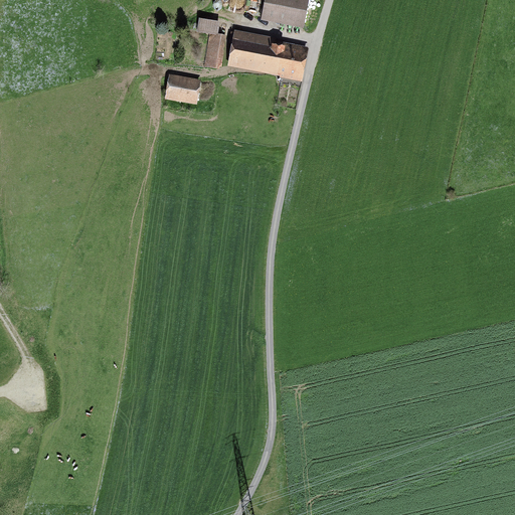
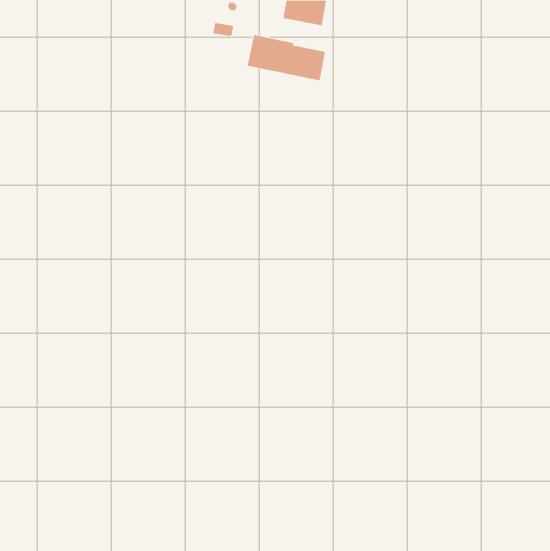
building: [205,34,221,68] -> none
building: [167,78,197,101] -> none

